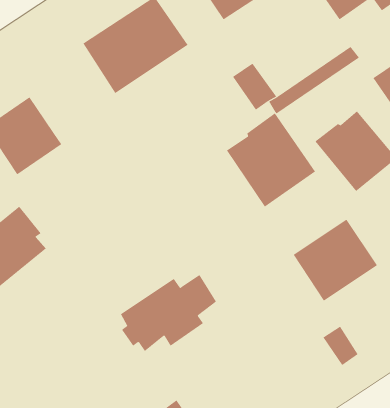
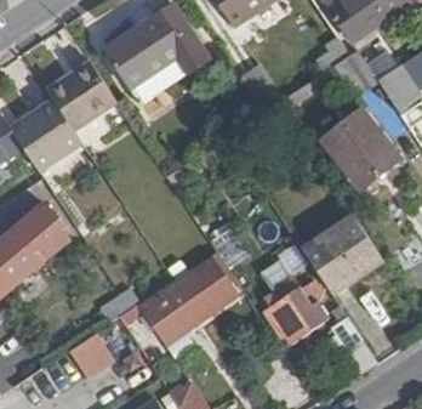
building: none -> [47,59,120,132]
building: [226,113,316,208] -> none
building: none -> [260,272,329,342]
building: none -> [65,328,113,375]

